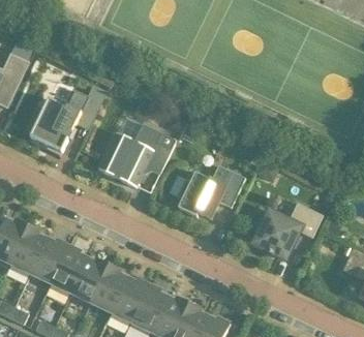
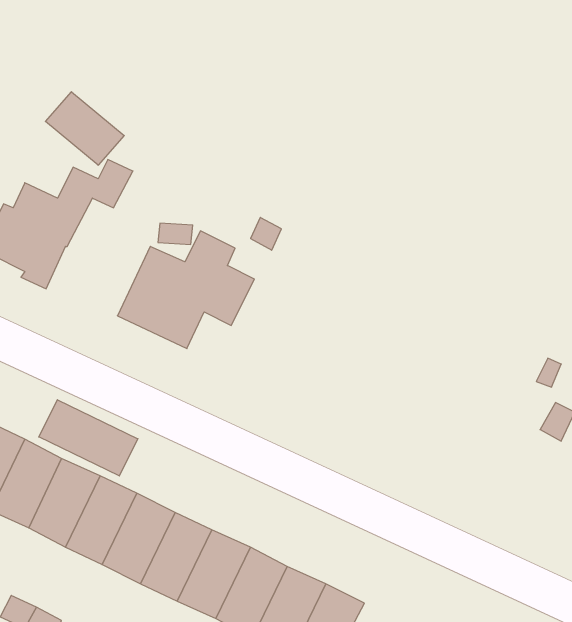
building: none -> [45,92,124,165]
building: [176,166,244,218] -> none
building: [251,203,322,259] -> none
building: none -> [39,400,138,476]

